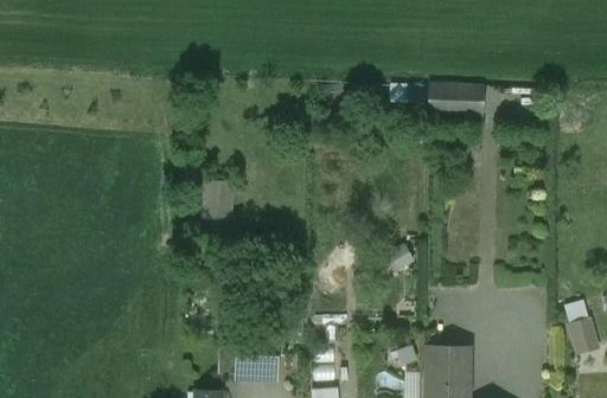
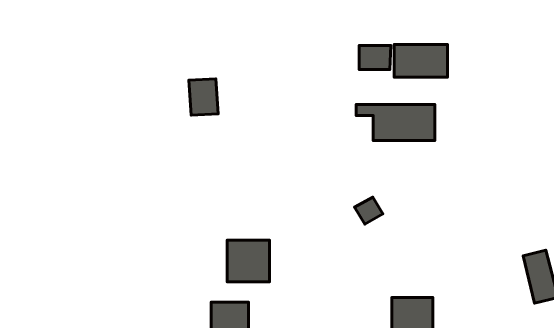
building: none -> [356,105,435,140]
building: [203,180,234,218] -> [189,79,218,115]
building: none -> [227,240,269,282]

